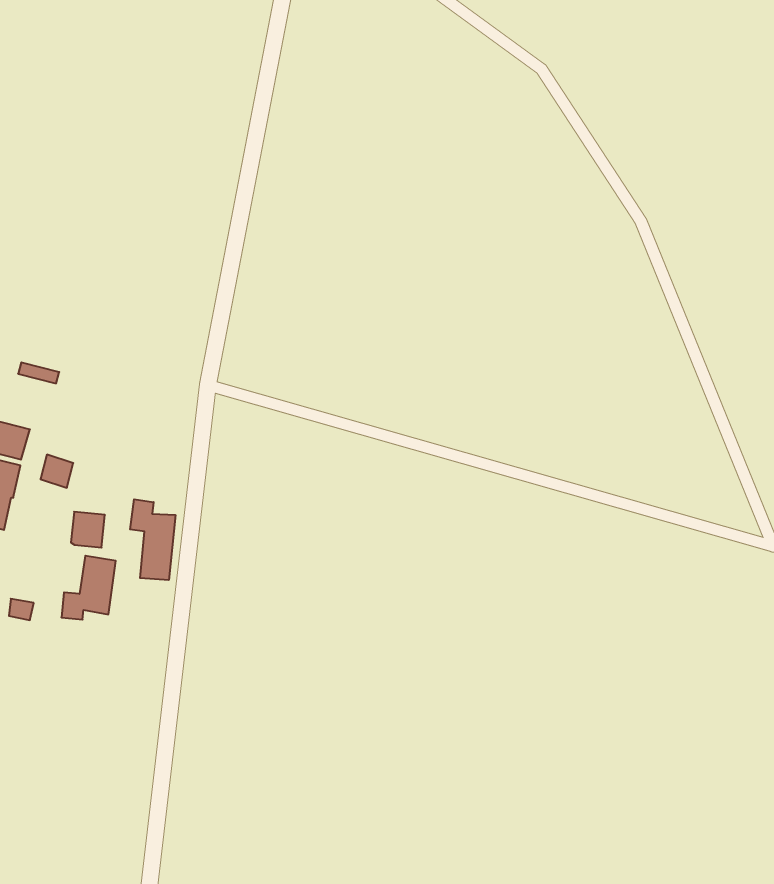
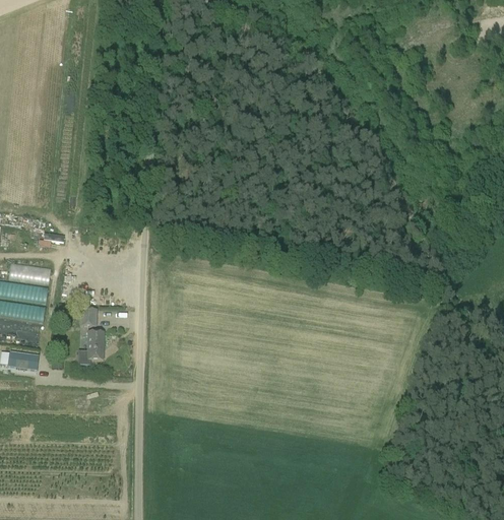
building: [130,499,175,580] -> none

